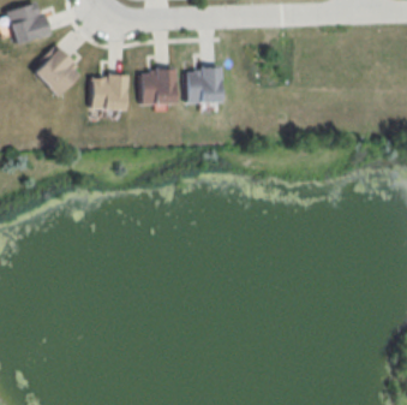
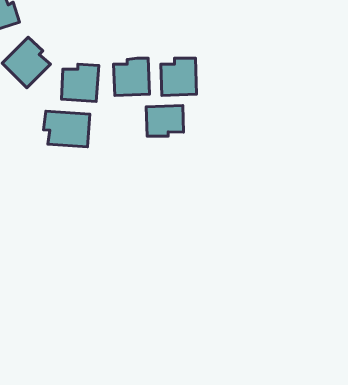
building: none -> [146,105,184,136]
building: none -> [44,111,90,147]

